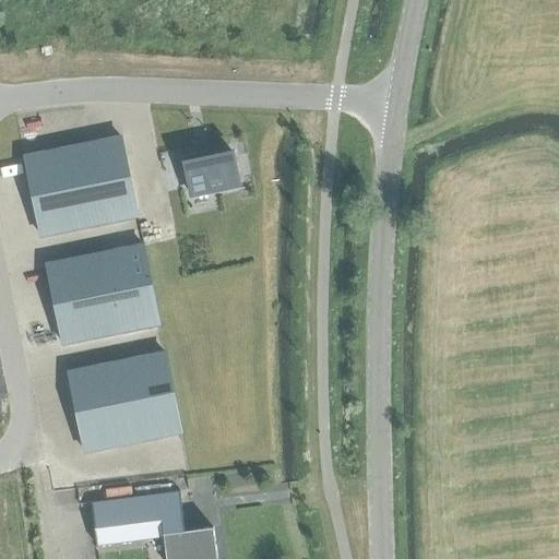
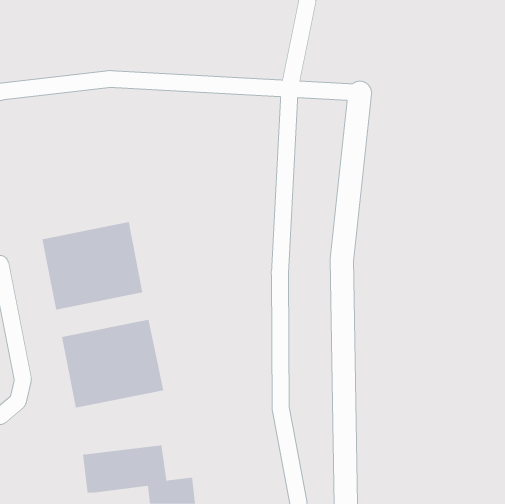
building: [24,138,138,235] -> none
building: [177,152,238,194] -> none

